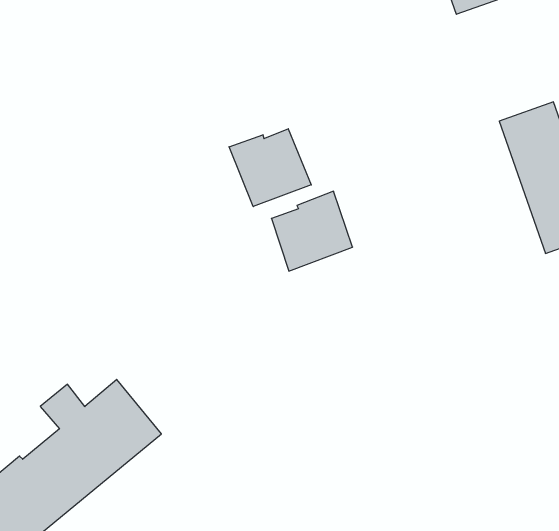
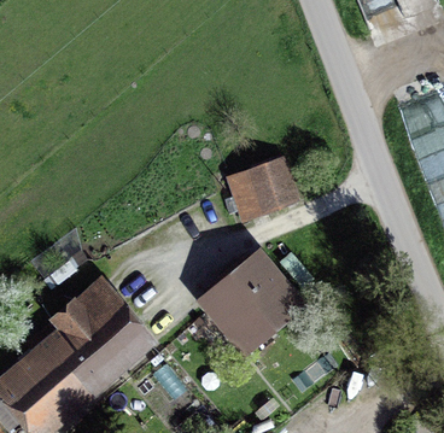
building: [229,129,311,207] -> none
building: none -> [203,257,290,343]

